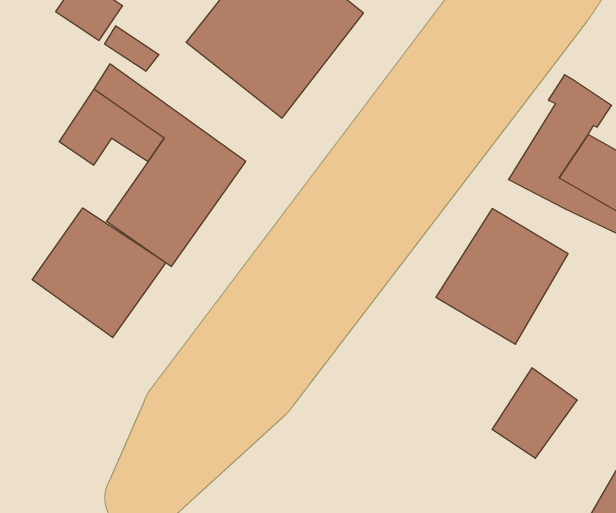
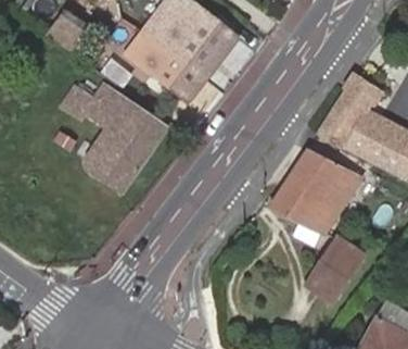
building: [32,208,166,338] -> none

